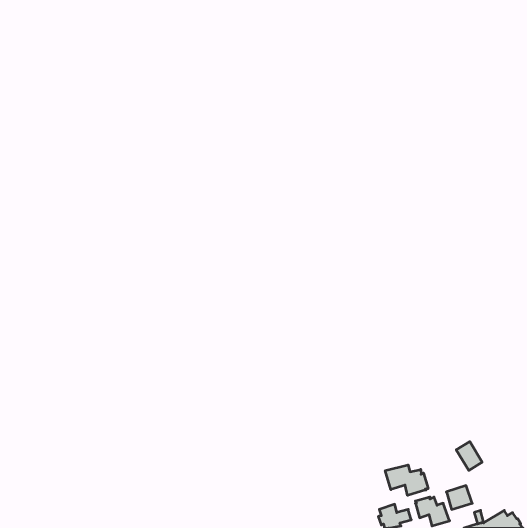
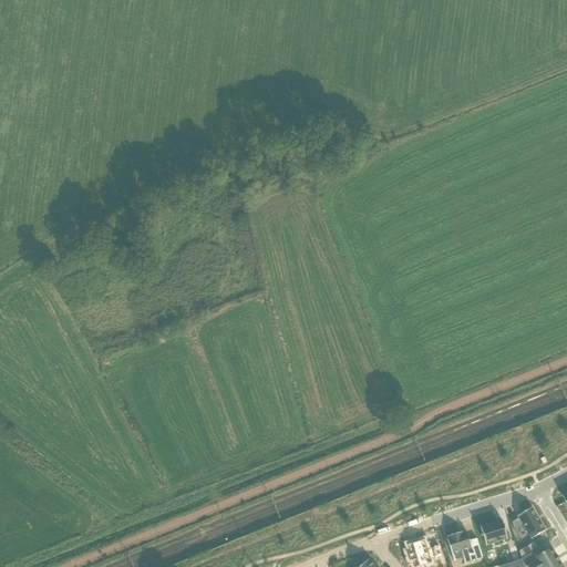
building: [456,442,482,470] -> [516,508,544,539]
building: [385,465,428,495] -> none

